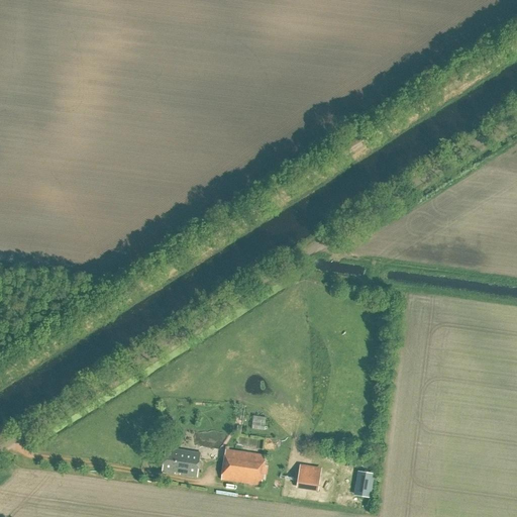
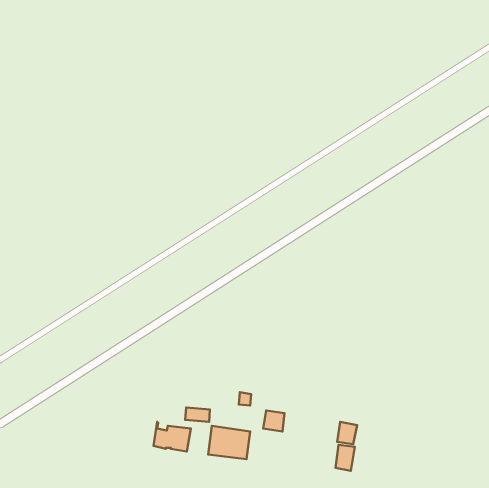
building: none -> [337,422,357,444]
building: [297,467,319,489] -> [263,410,284,432]

